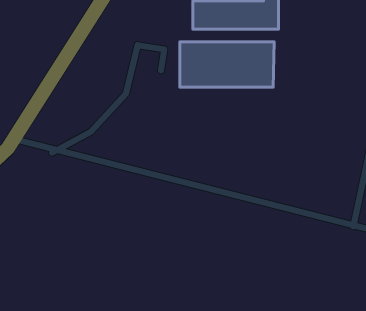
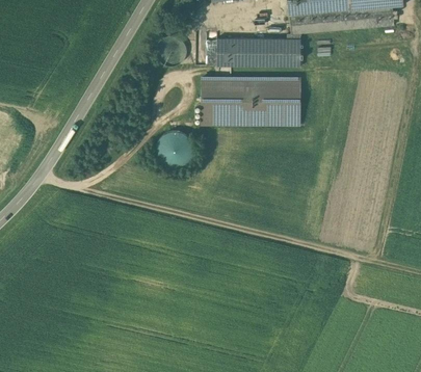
building: none -> [155,131,192,168]

